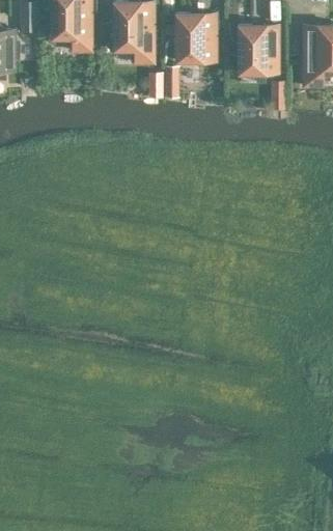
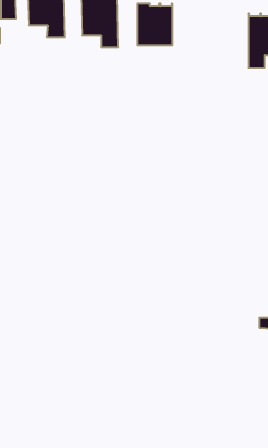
building: [238,24,278,73] -> none

